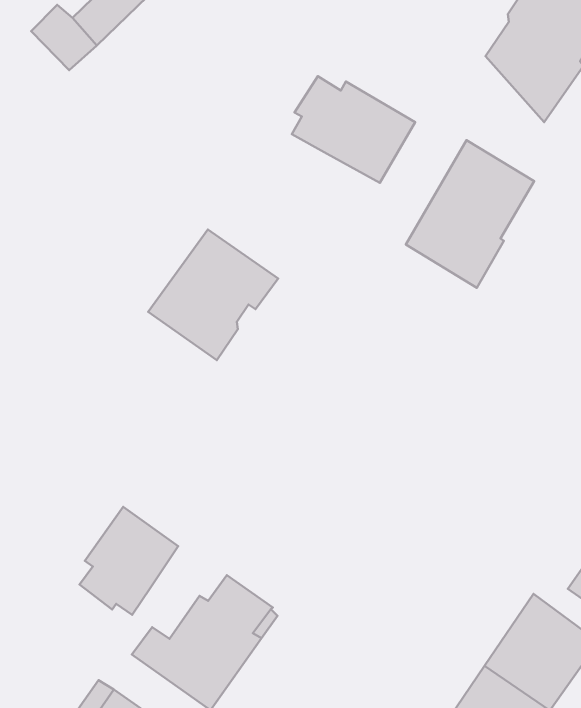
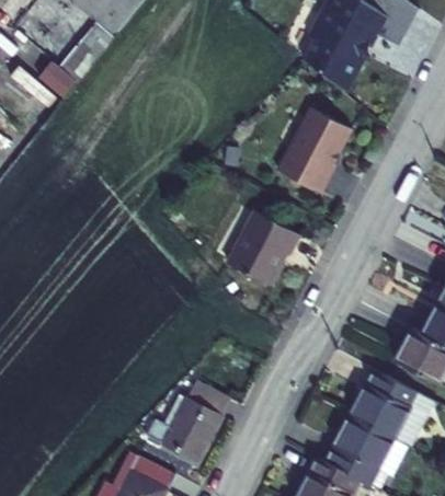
building: [292,76,415,183] -> none
building: [148,230,278,360] -> [226,211,299,287]
building: [79,507,178,615] -> none

